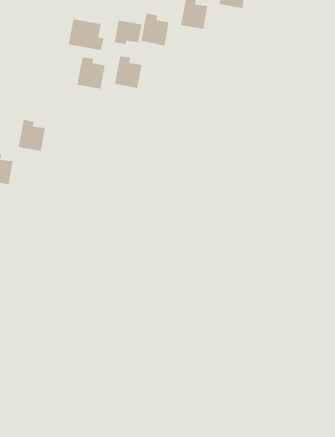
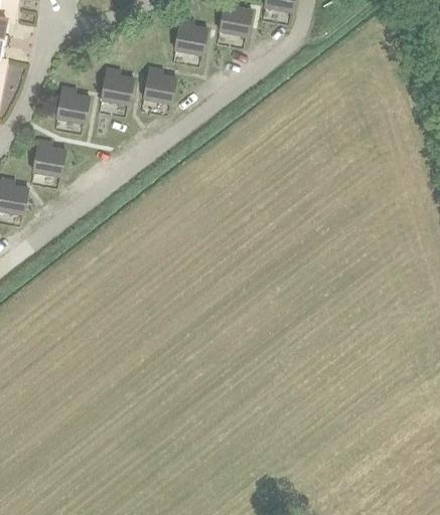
building: [68,18,104,51] -> none
building: [114,20,142,45] -> none
building: none -> [56,85,90,124]

